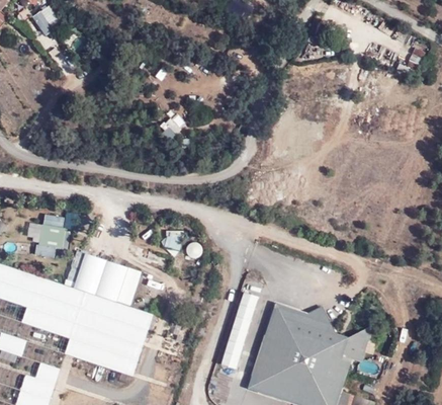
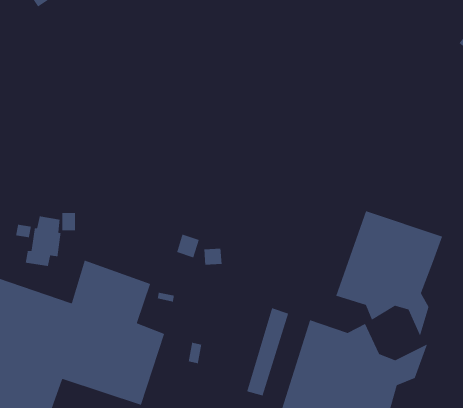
building: none -> [335,210,443,338]

